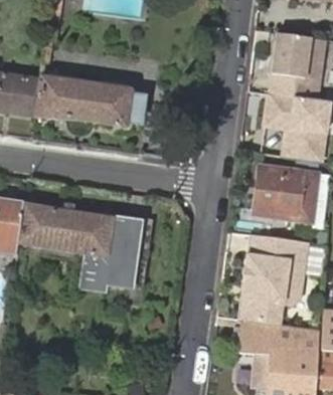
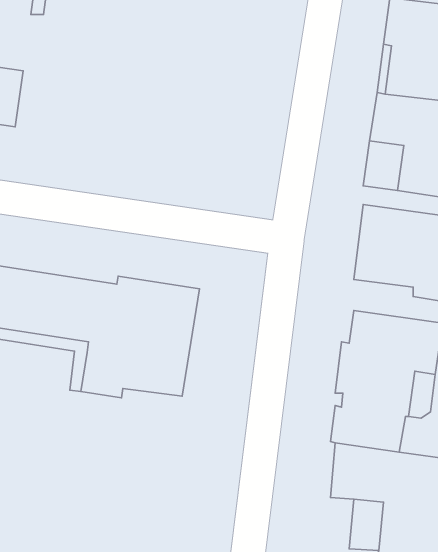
building: [35,77,141,126] -> none

